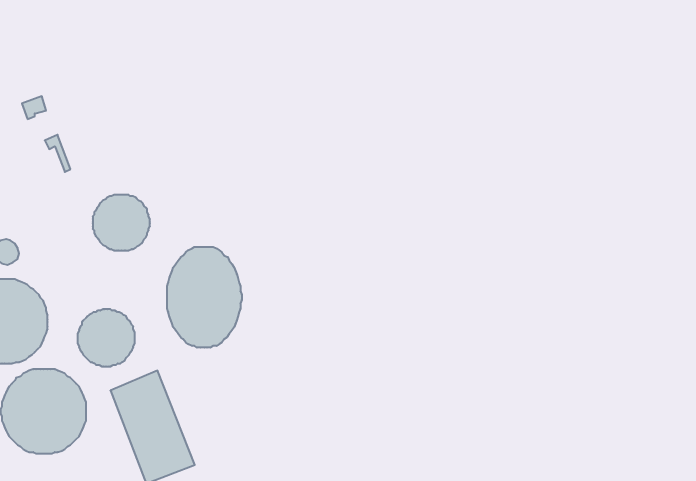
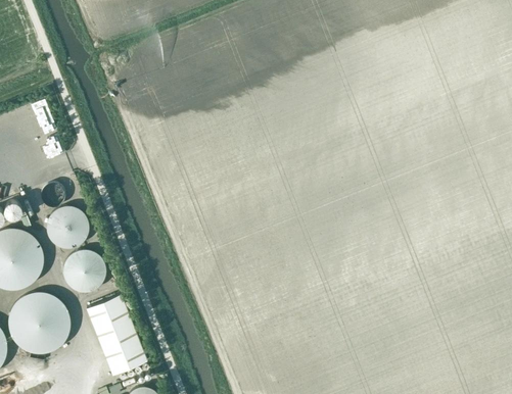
building: [93,195,150,250] -> [47,207,88,247]
building: [167,247,242,348] -> none

